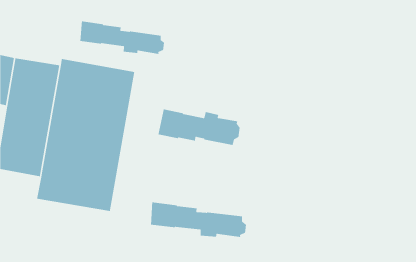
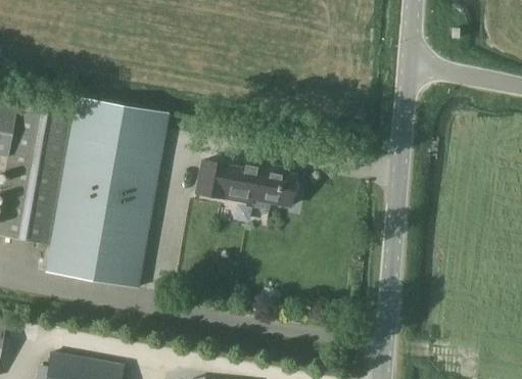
building: [79,21,165,55] -> none
building: [150,202,247,238] -> none

